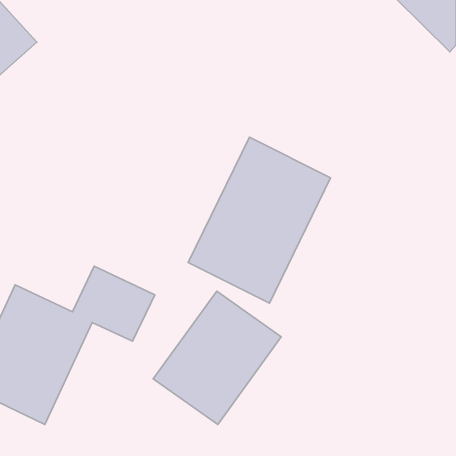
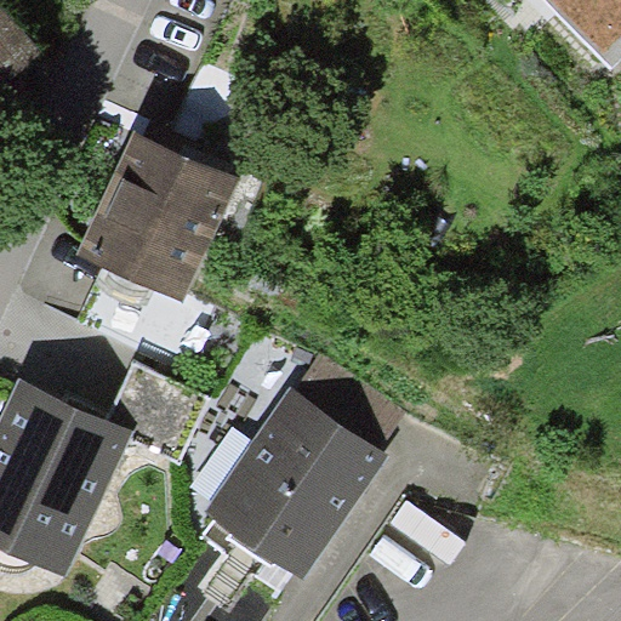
building: none -> [81,132,239,301]
building: [188,137,331,303] -> none

